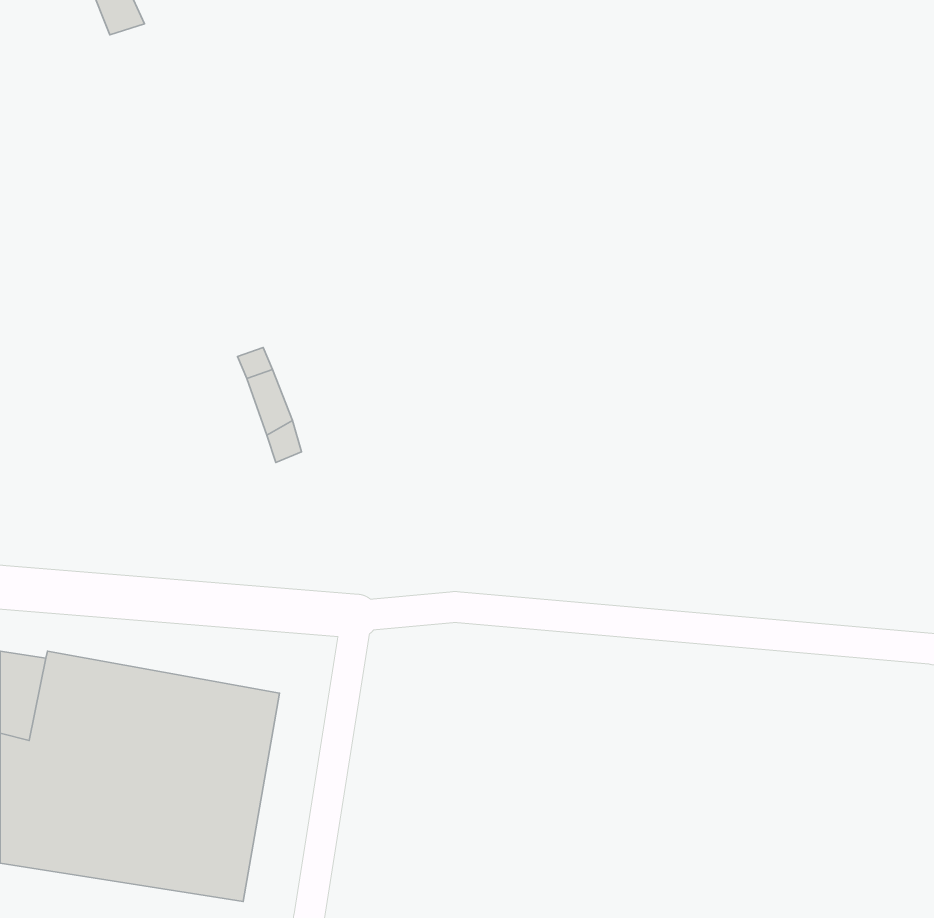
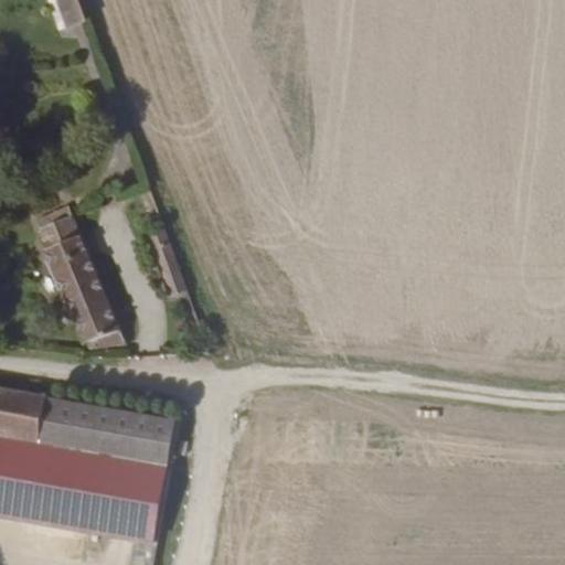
building: none -> [34,192,117,338]

